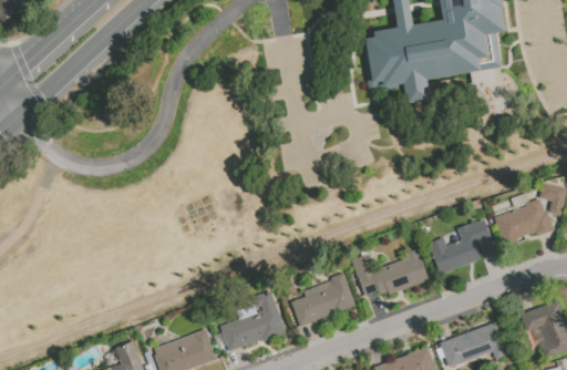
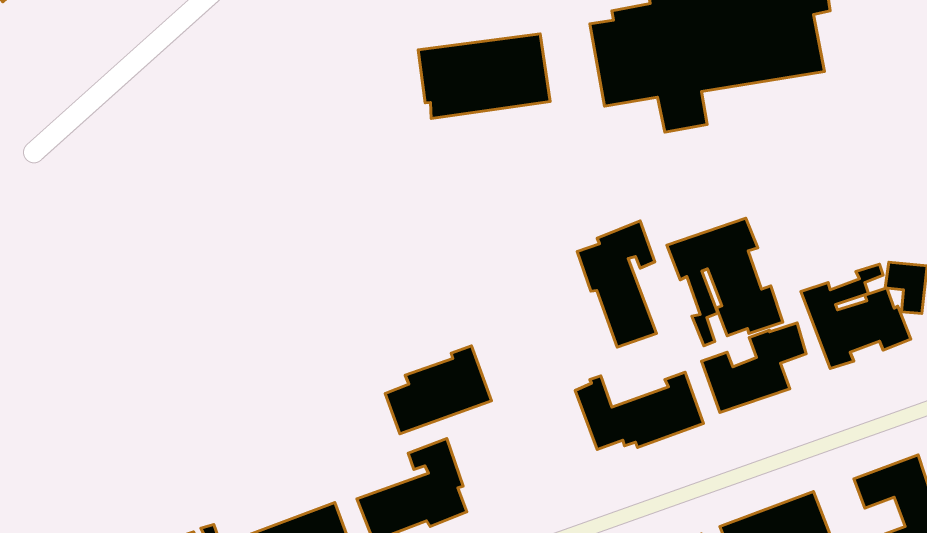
building: none -> [418,34,550,118]
building: none -> [667,218,783,346]
building: none -> [577,221,656,347]
building: [291,273,355,326] -> [385,346,492,434]

